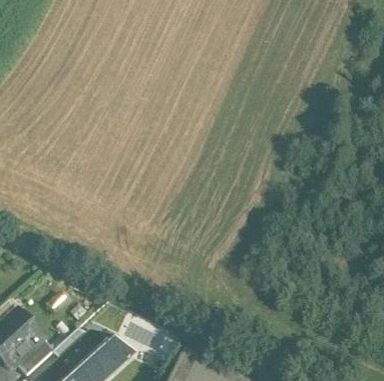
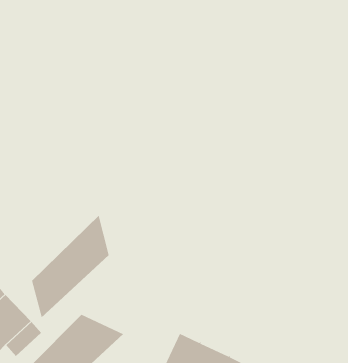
building: none -> [31,215,110,319]

